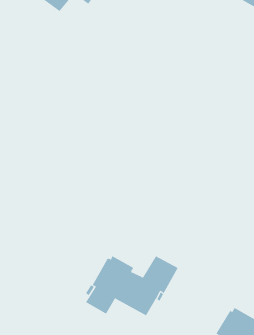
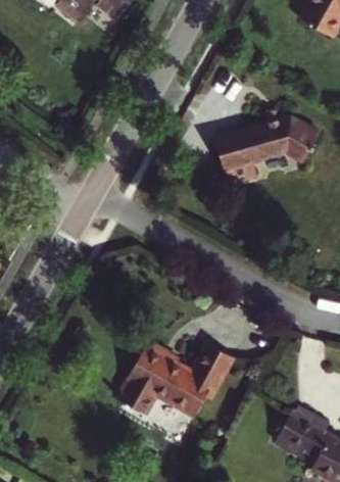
building: none -> [213,115,320,185]

